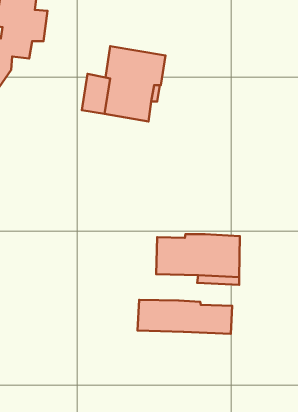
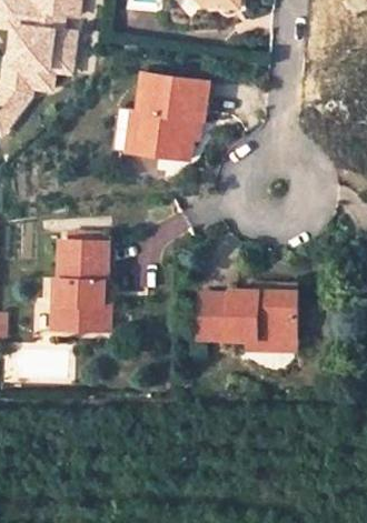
building: none -> [52,243,110,329]
building: [138,300,232,334] -> none

